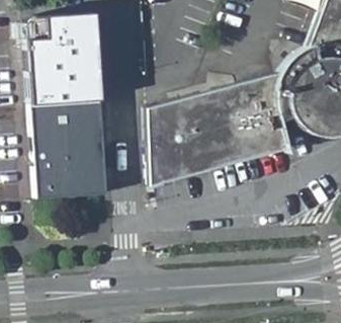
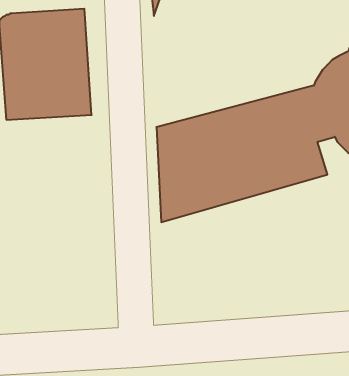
building: [27,98,104,197] -> none

